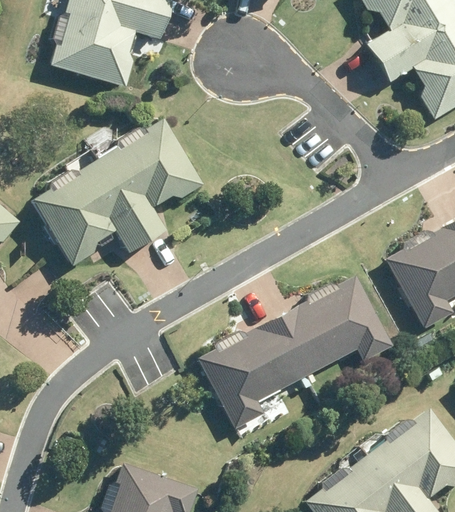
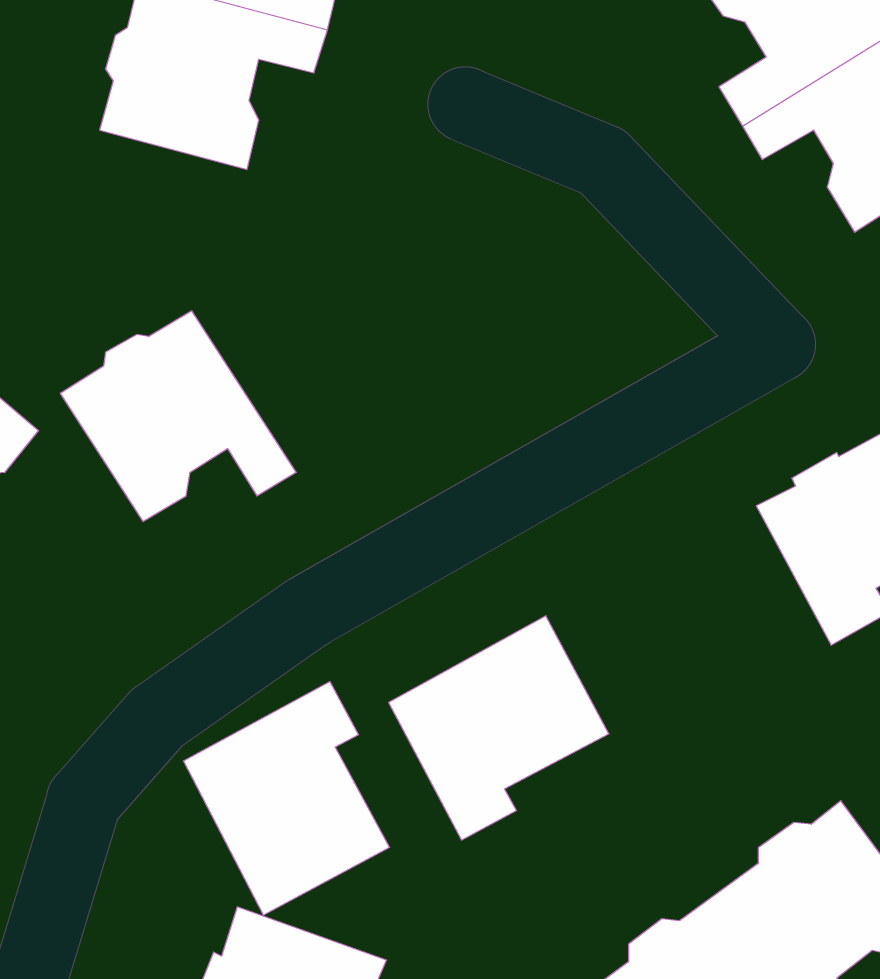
building: [99,119,204,242] -> none
building: [279,274,394,375] -> none
building: none -> [183,682,390,915]

